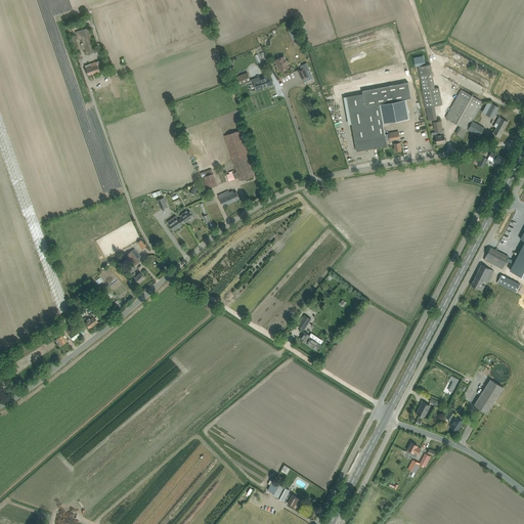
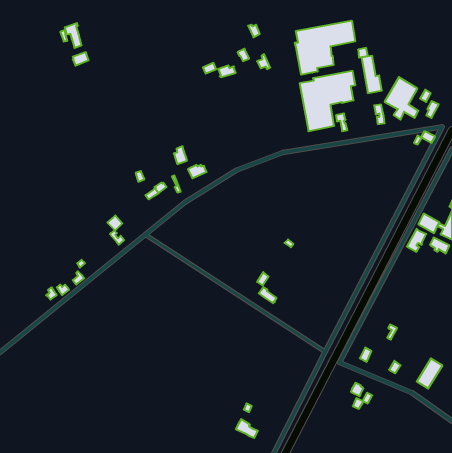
building: none -> [295,21,355,75]
building: [223,130,255,181] -> none
building: [473,379,503,413] -> [417,358,442,389]

